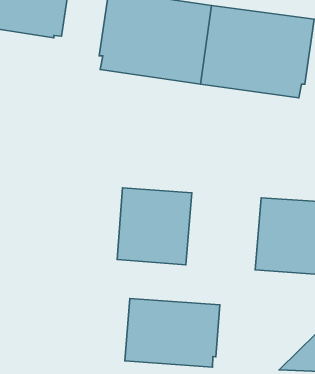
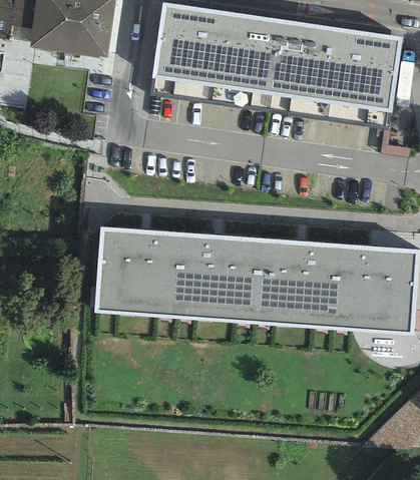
building: none -> [94,225,178,316]
building: none -> [253,237,341,328]
building: [125,299,220,367] -> none

